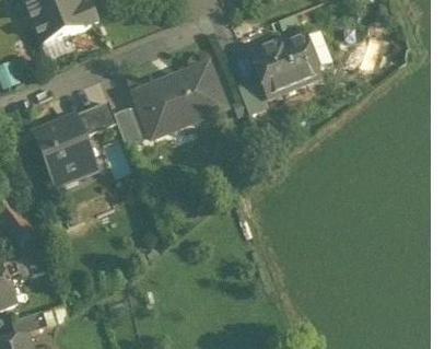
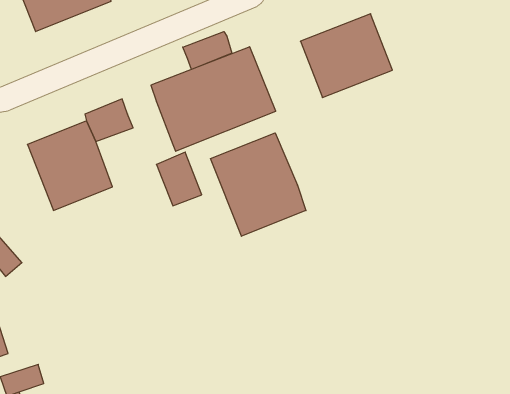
building: none -> [183,32,232,69]
building: [113,101,149,143] -> [156,152,202,206]
building: none -> [211,133,306,236]

